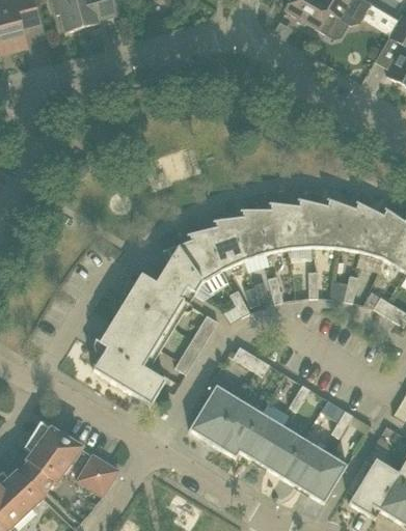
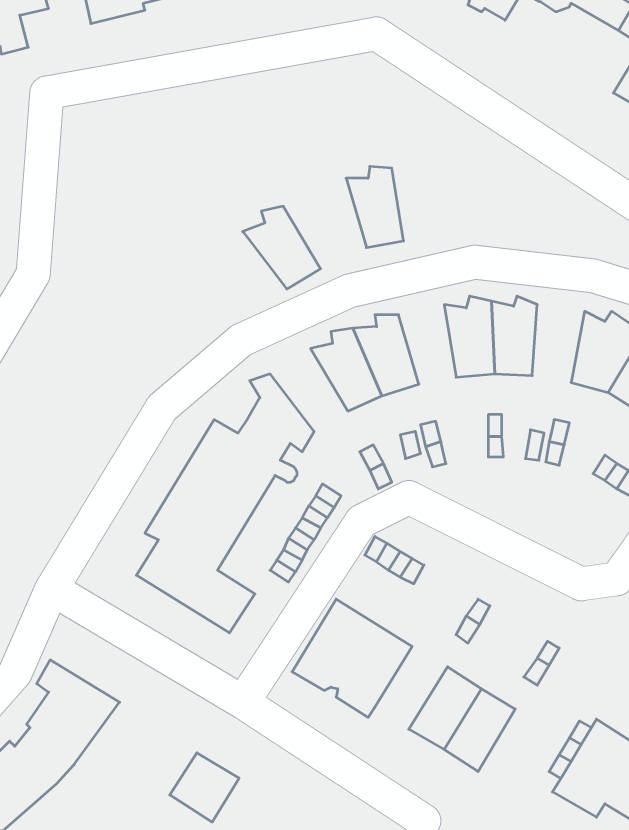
building: [335,201,368,251] -> none
building: [253,202,289,252] -> [346,166,404,248]
building: [174,230,222,281] -> [243,206,321,289]
building: [239,413,283,464] -> none
building: [302,451,347,502] -> none
building: [76,453,118,496] -> [170,753,239,822]

